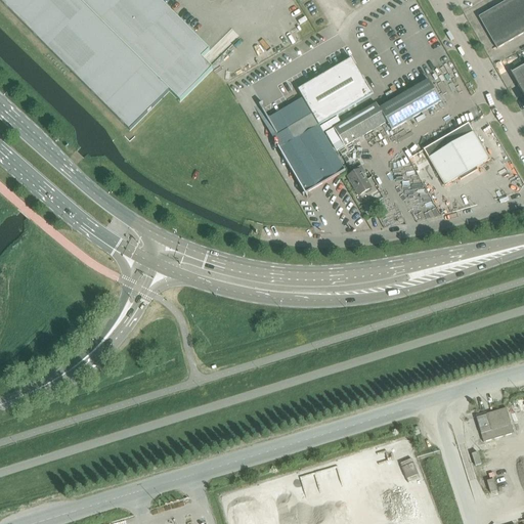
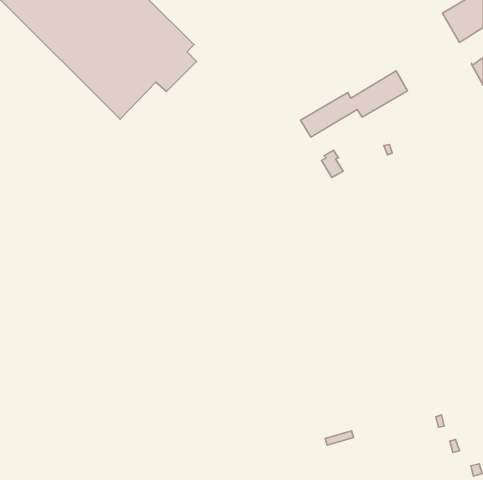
building: [267,55,373,189] -> none
building: [424,121,489,183] -> none
building: [476,405,514,439] -> none

